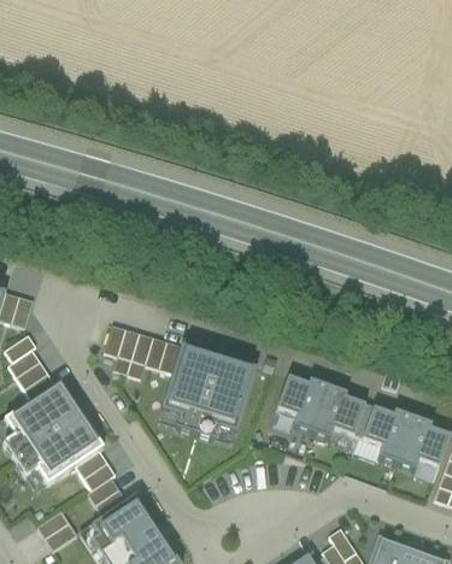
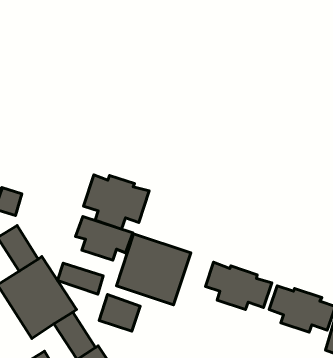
building: none -> [84,175,149,229]
building: none -> [57,263,103,294]
building: none -> [99,294,140,331]

